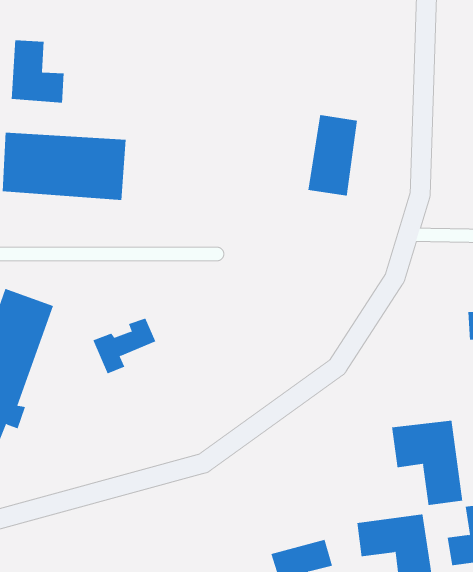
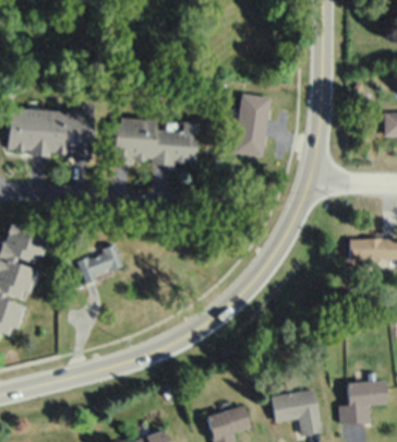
building: [11,40,64,104] -> none
building: none -> [116,120,198,164]
building: [392,420,463,506] -> none

